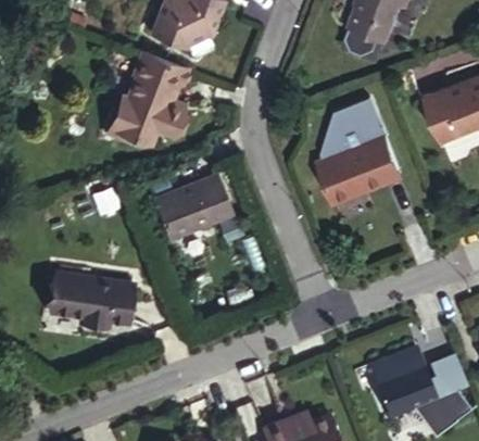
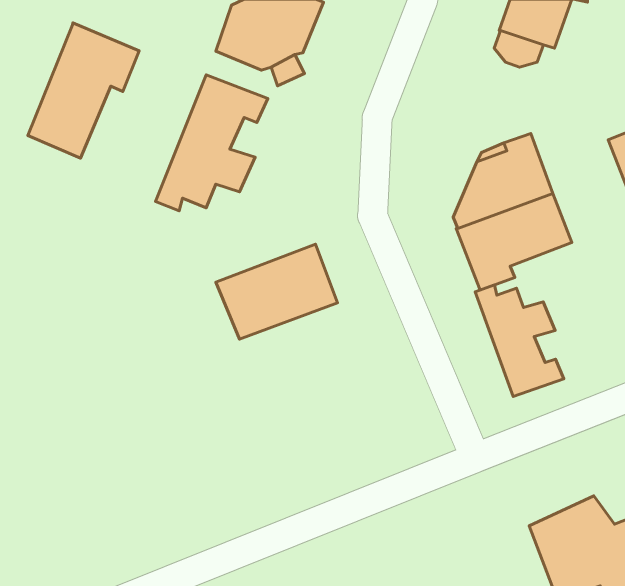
building: none -> [28,23,139,158]
building: none -> [475,285,564,396]
building: [51,266,135,320] -> none

